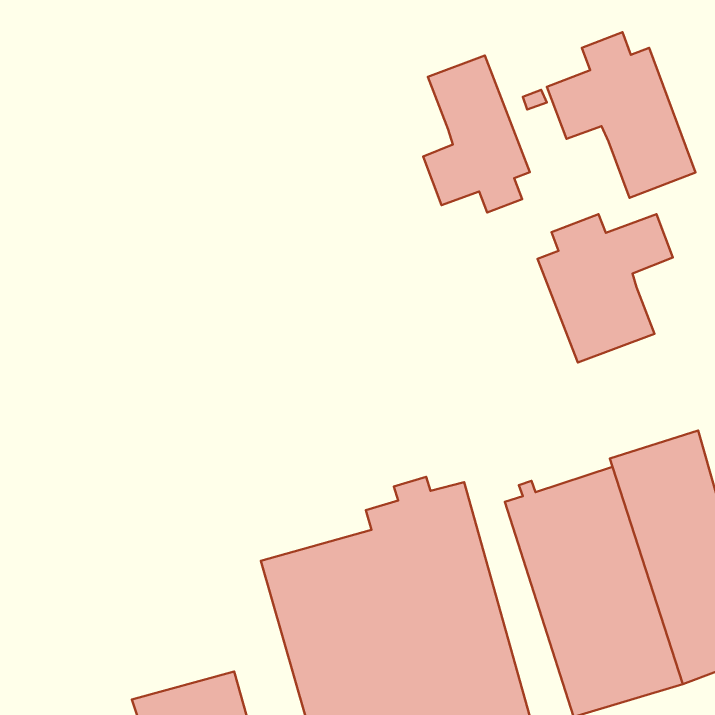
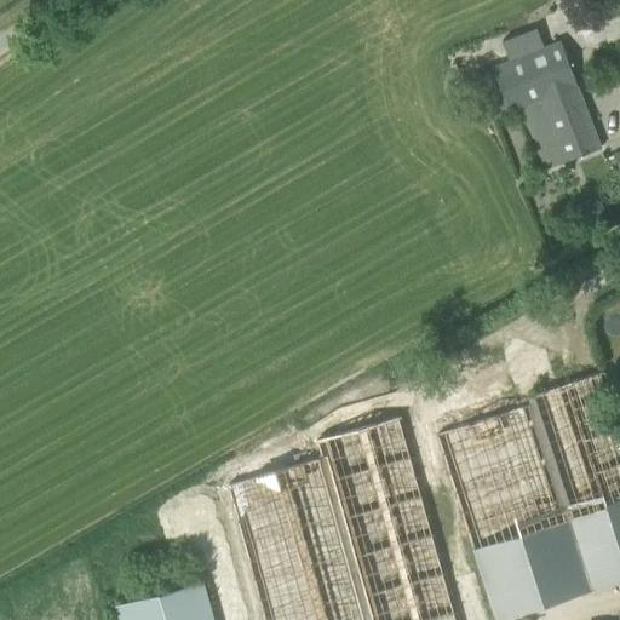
building: [423,55,530,212] -> none
building: [537,214,673,363] -> none

